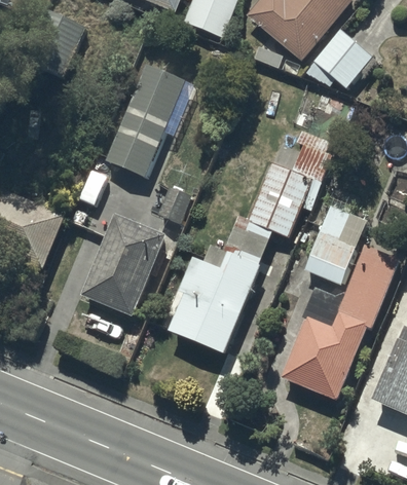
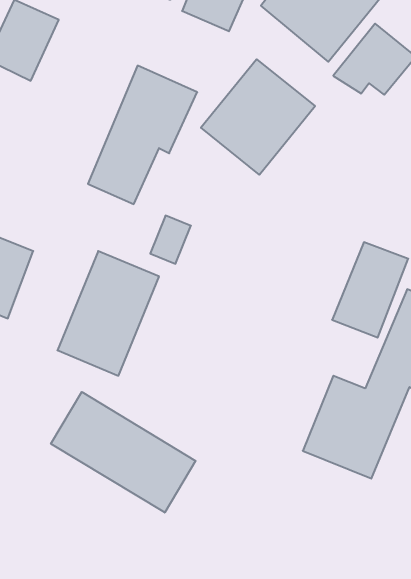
building: none -> [201,59,315,175]
building: [170,126,339,352] -> none
building: none -> [51,392,196,513]

